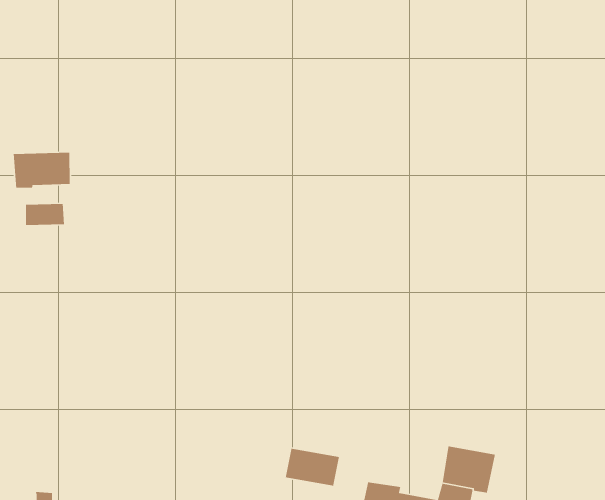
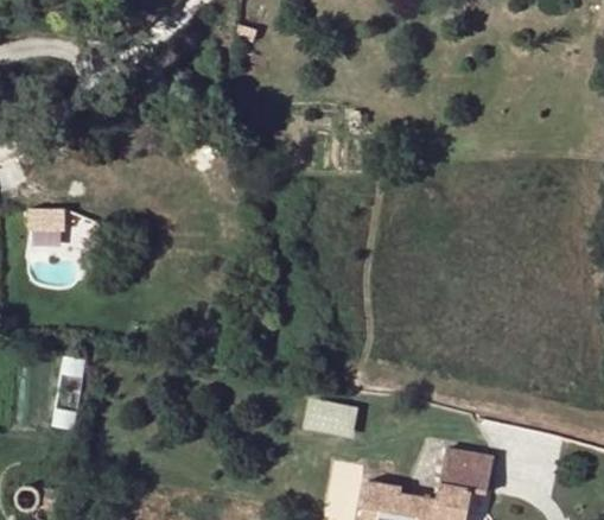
building: [13,152,71,188] -> none
building: [285,448,340,486] -> [305,397,360,435]

